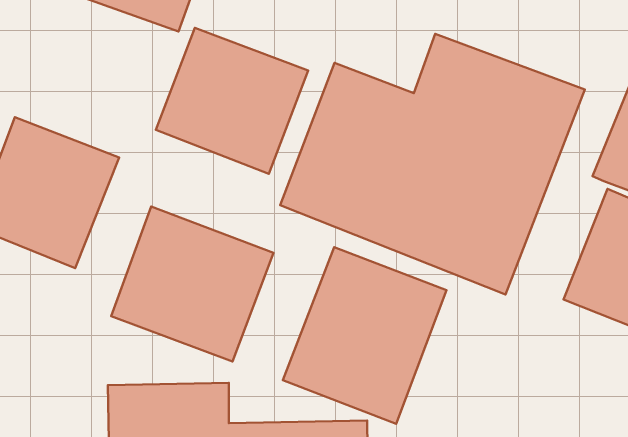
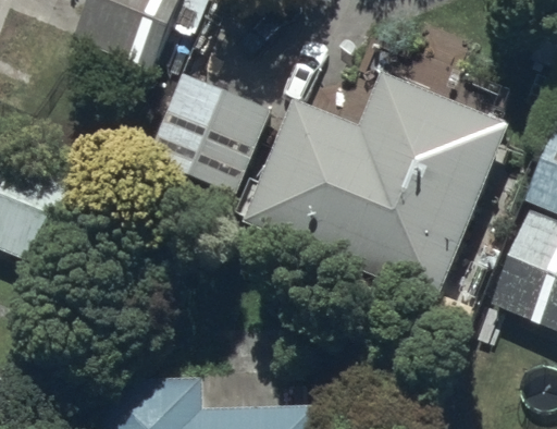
building: [111,206,274,362] -> none
building: [283,247,447,424] -> none

